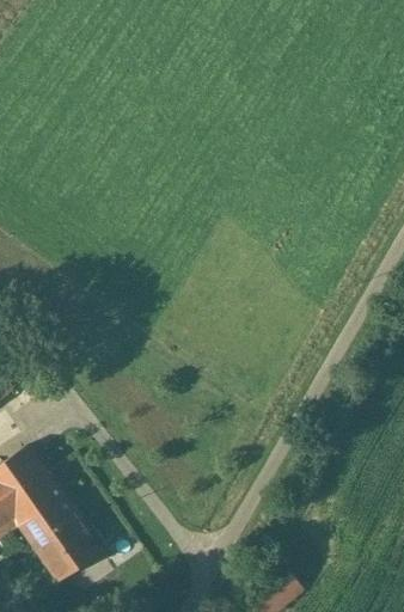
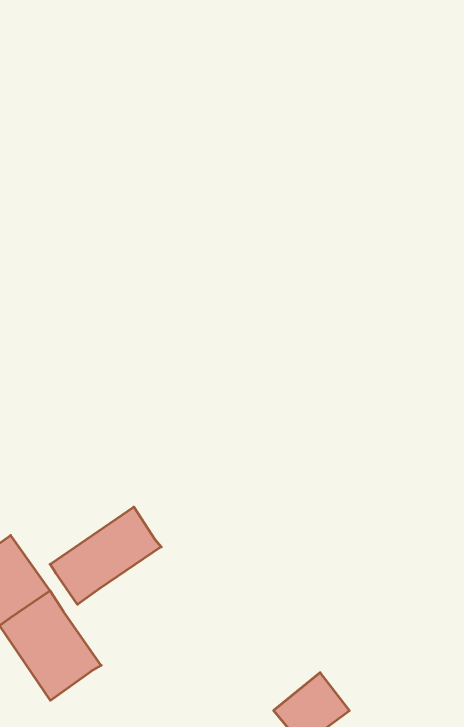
building: none -> [50,507,161,604]

